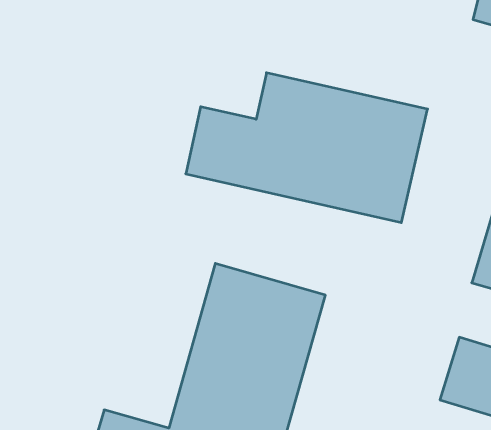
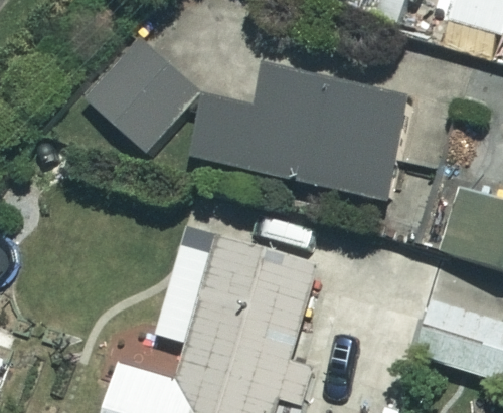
building: none -> [85,38,200,153]

